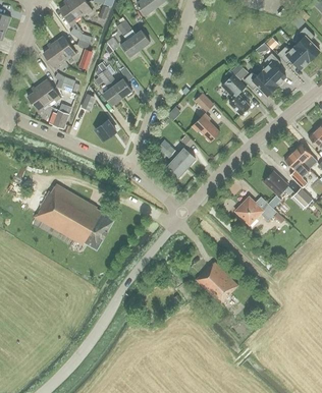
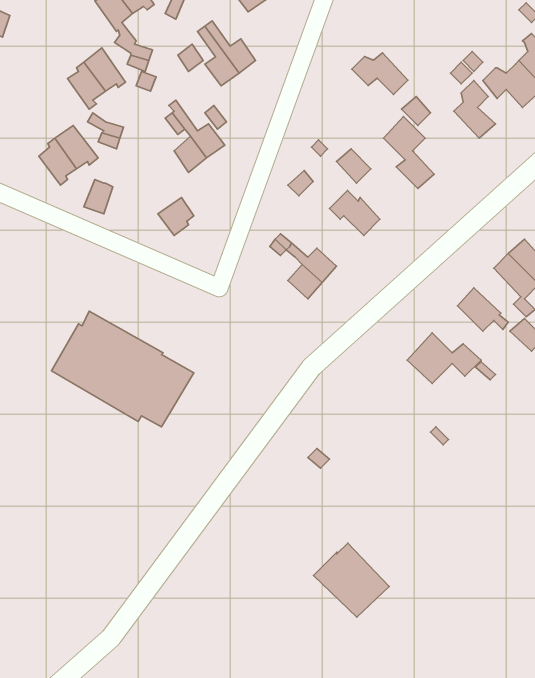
building: [244,70,275,94] -> [352,53,408,94]
building: [195,261,237,302] -> [313,543,389,617]

